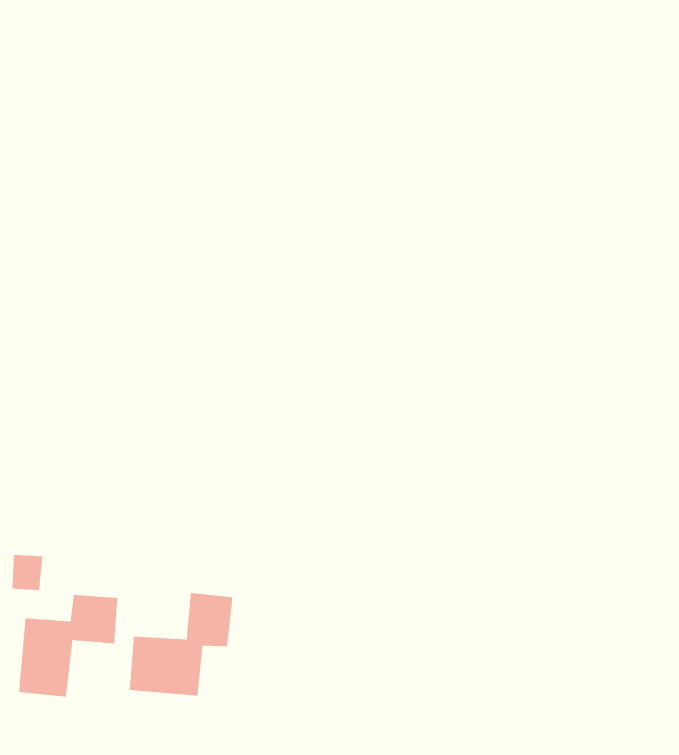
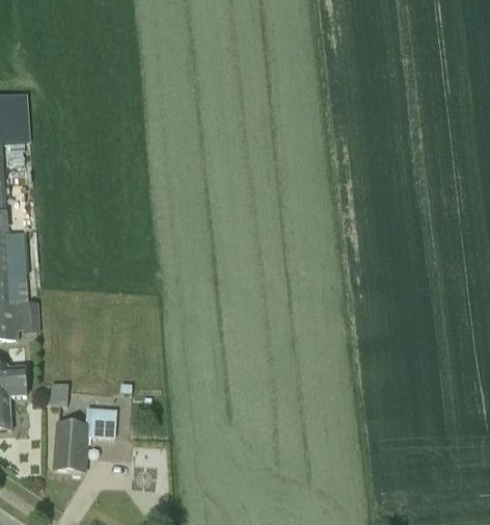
building: [129,592,233,697] -> none

